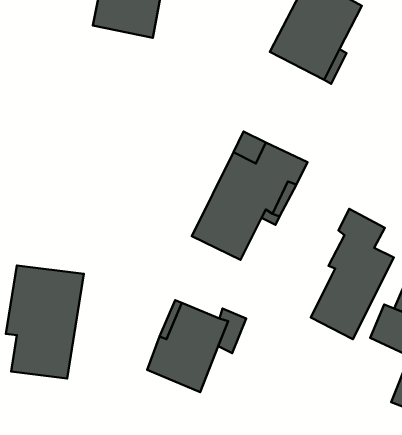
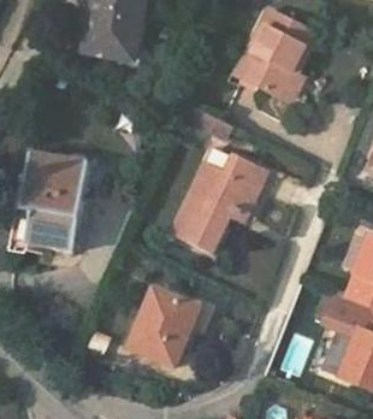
building: [311,209,394,339] -> none
building: [6,265,84,378] -> [20,153,88,250]

